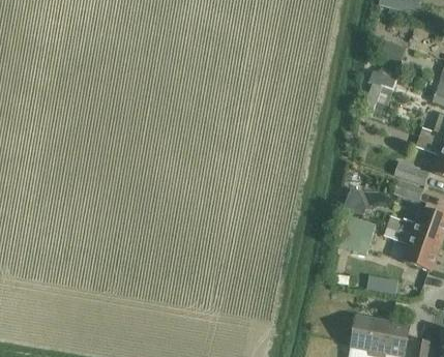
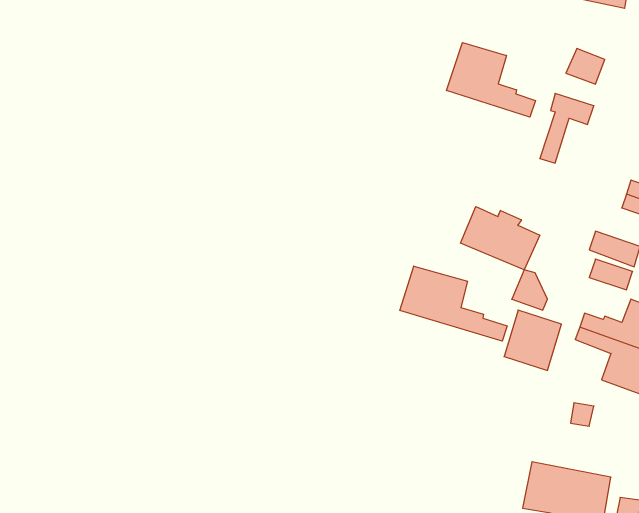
building: none -> [447,43,535,117]
building: none -> [461,207,540,270]
building: none -> [400,266,507,341]

